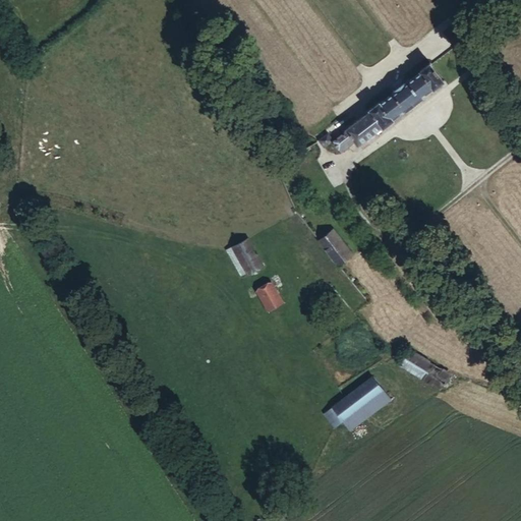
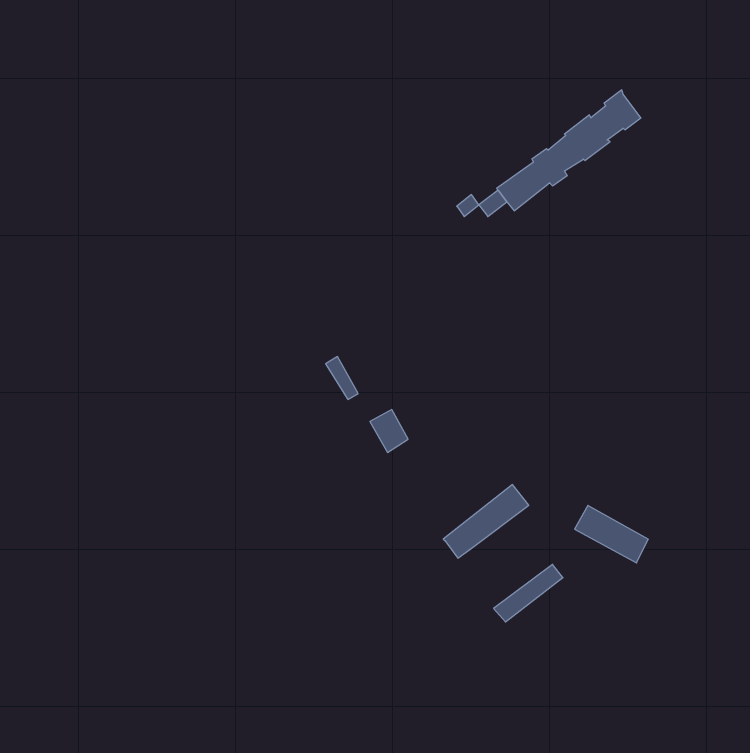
building: [317,229,352,265] -> none
building: [235,239,262,272] -> none
building: [325,375,384,426] -> [443,485,529,558]

